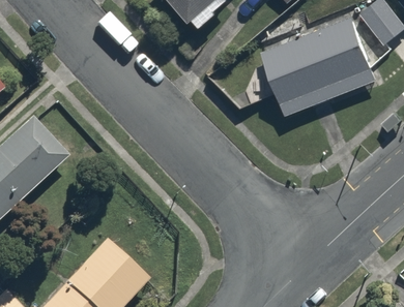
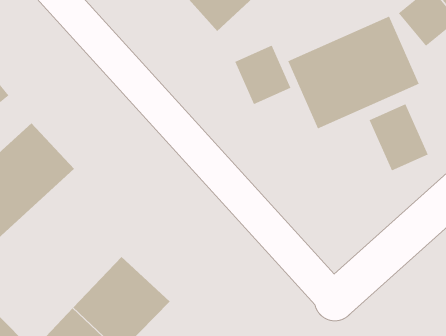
building: none -> [234,45,291,105]
building: none -> [368,103,429,171]

